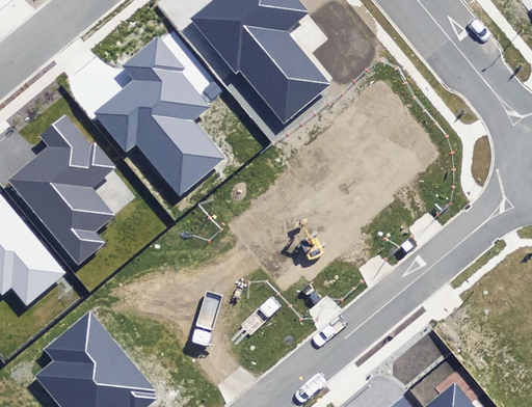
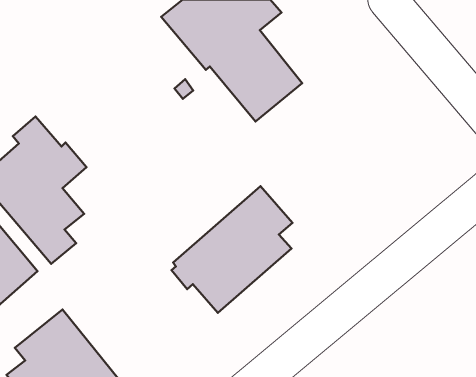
building: [92,37,223,196] -> none
building: none -> [171,186,292,313]

